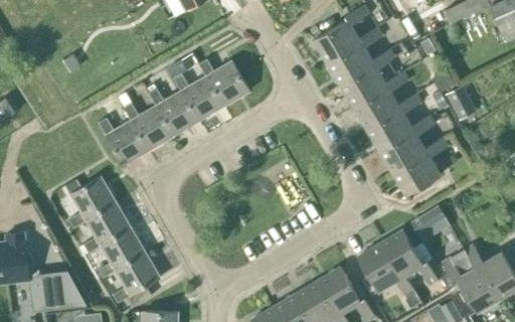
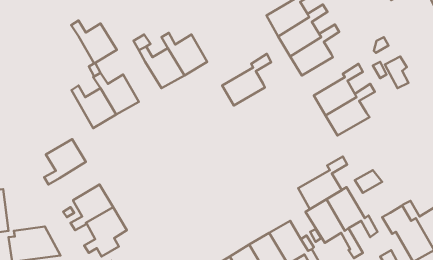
building: [353,70,407,128] -> [222,54,271,106]
building: [148,88,198,135] -> [71,21,117,63]
building: [392,137,447,195] -> [298,156,347,209]
building: [83,201,130,252] -> none

